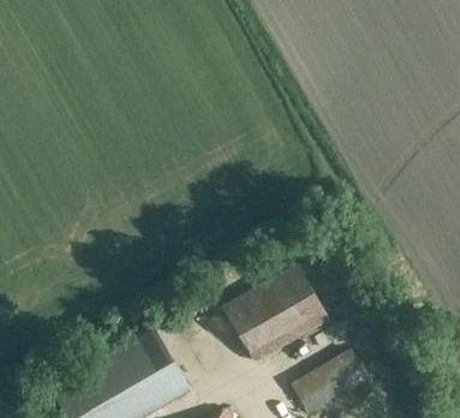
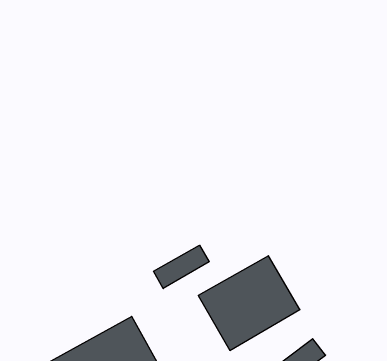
building: none -> [154,245,209,289]

